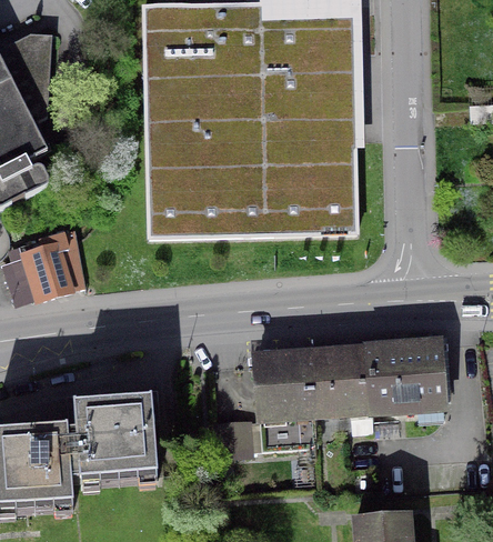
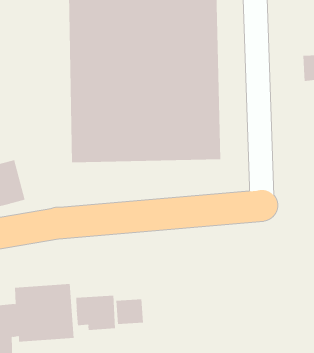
building: [253,341,441,448] -> none
building: none -> [76,295,116,331]

